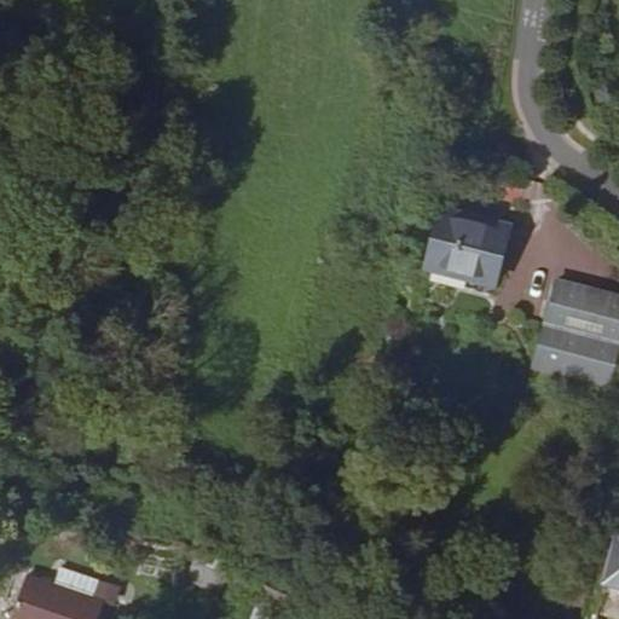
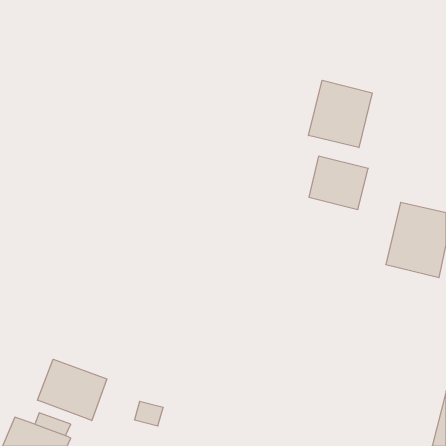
building: none -> [309,80,372,148]
building: none -> [37,359,107,421]

